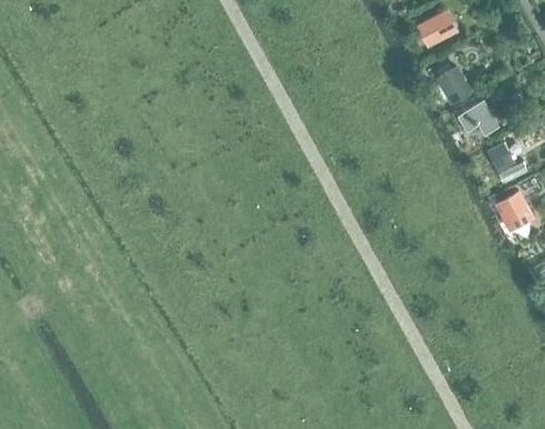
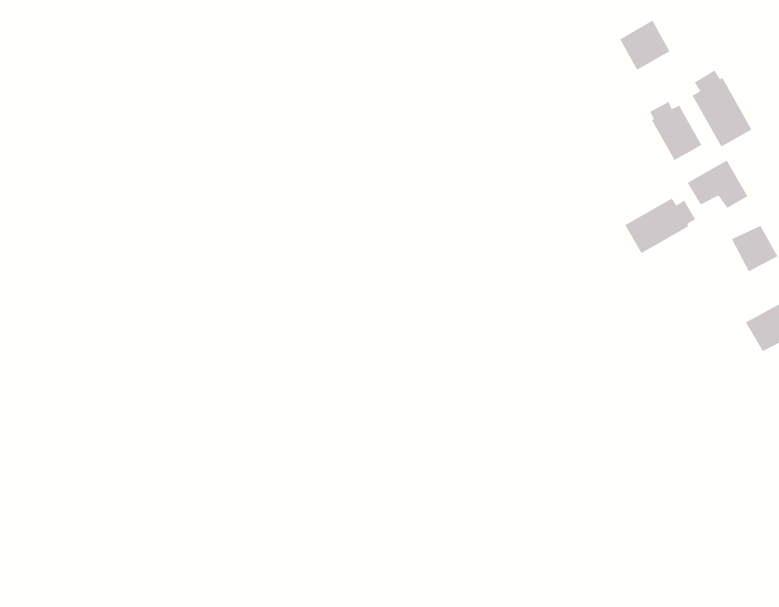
building: none -> [692,70,753,148]
building: none -> [624,198,696,254]

